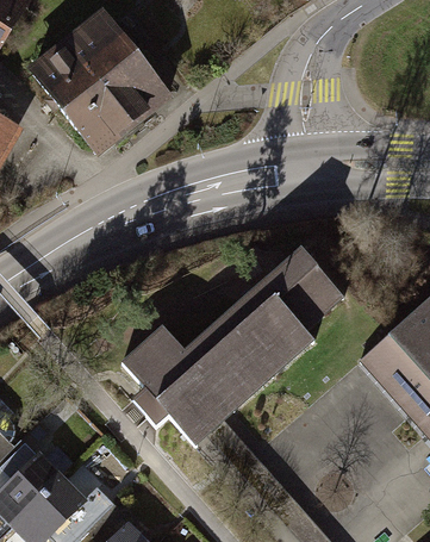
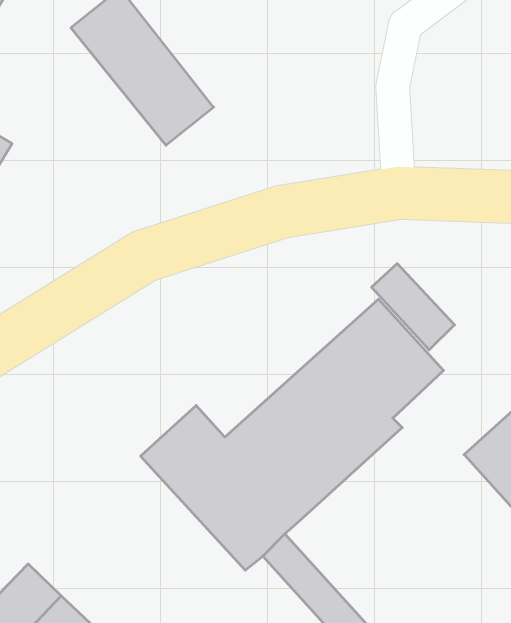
building: [29,43,137,161] -> none
building: none -> [372,264,455,350]

